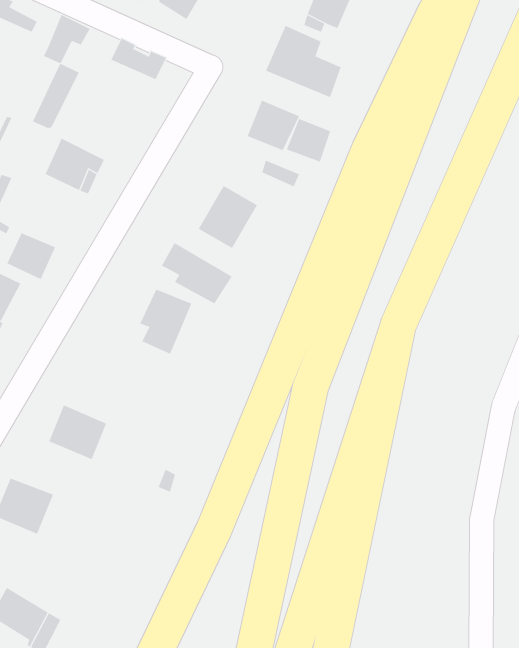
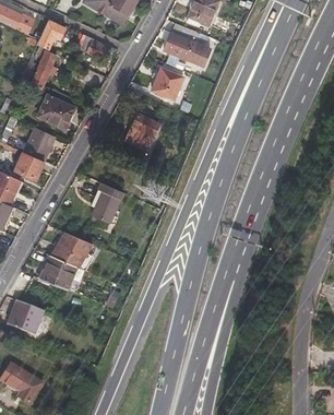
building: [286,118,331,162] -> none
building: none -> [23,127,55,159]
building: [161,242,232,304] -> none
building: none -> [49,232,90,269]

